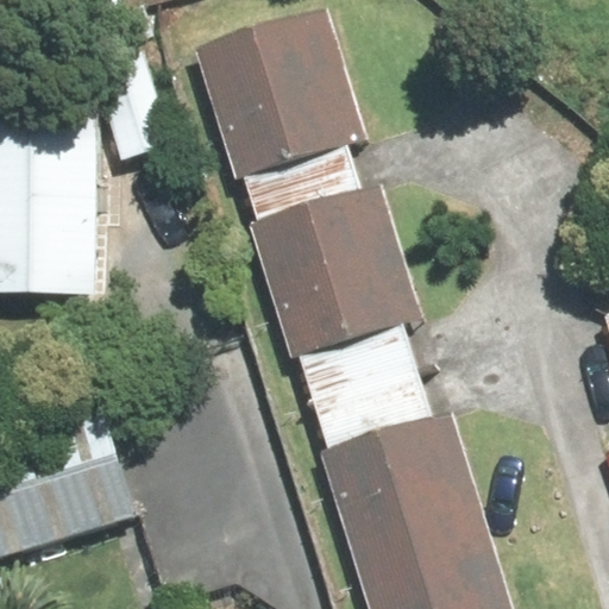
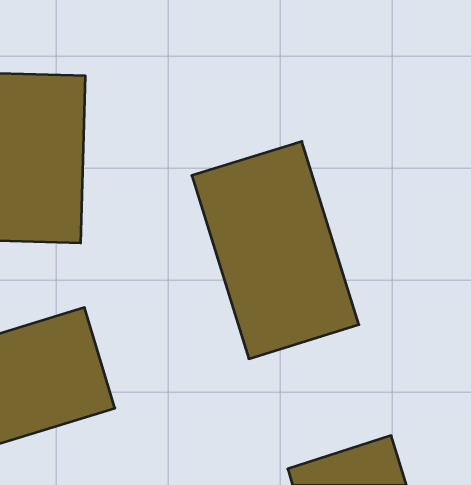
building: [193,29,368,220] -> none
building: [312,407,492,579] -> none

